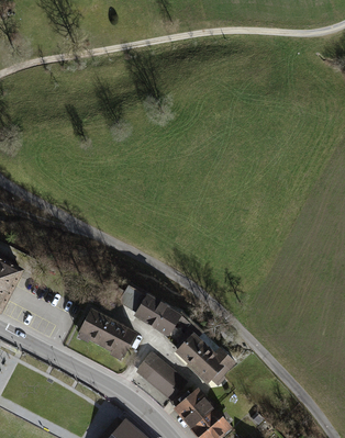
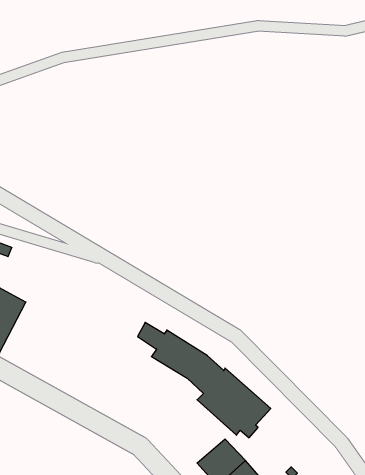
building: [77,307,136,358] -> none
building: [134,351,187,401] -> none

